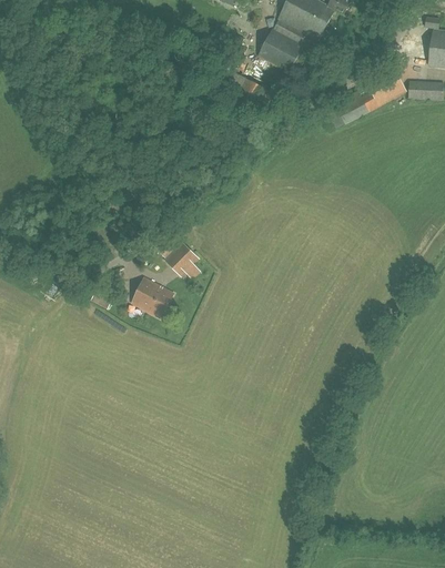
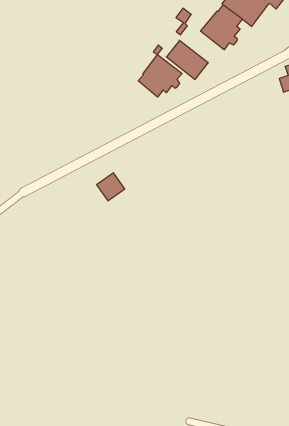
building: none -> [138,54,182,97]
building: [131,276,173,317] -> none

